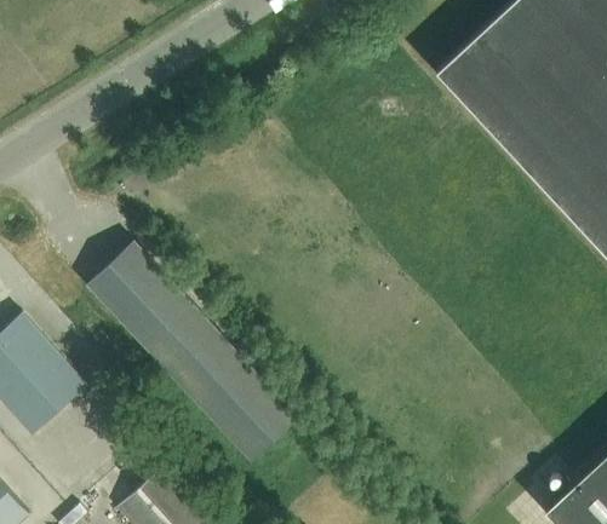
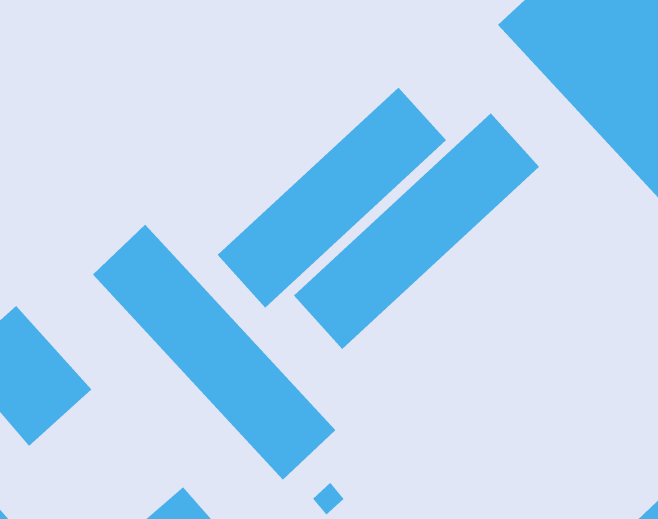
building: none -> [217,87,447,308]
building: none -> [293,113,540,350]

